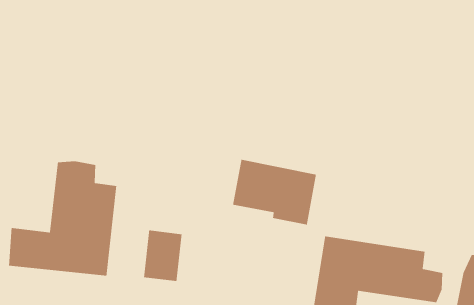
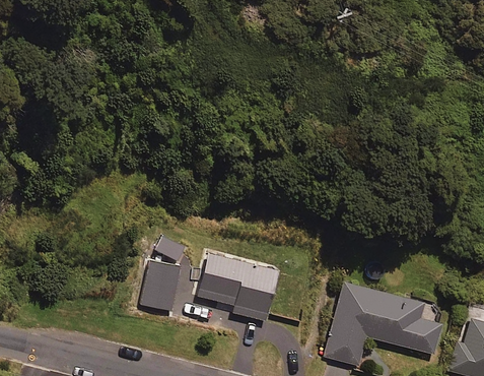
building: [232,159,317,226] -> [210,256,291,323]
building: [8,161,117,276] -> none

